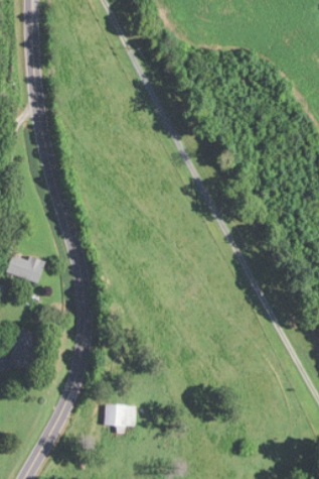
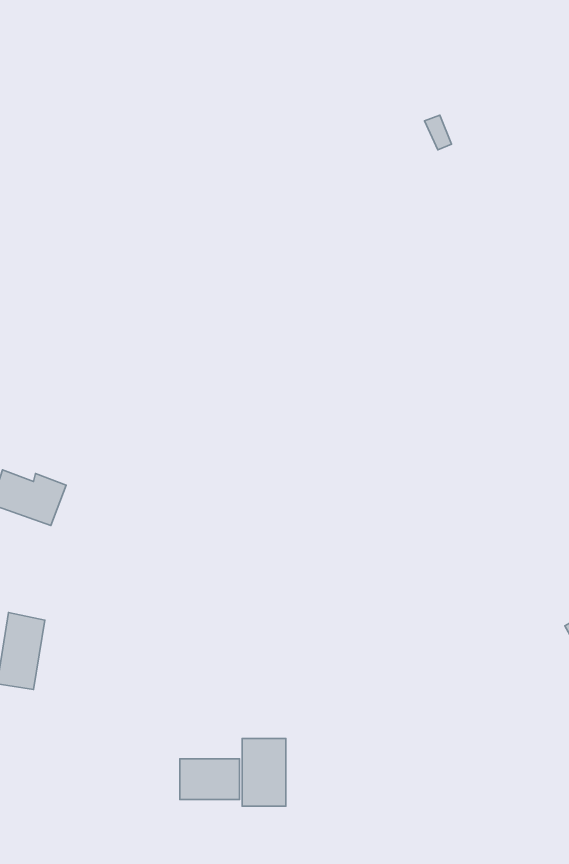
building: none -> [242,738,286,806]

